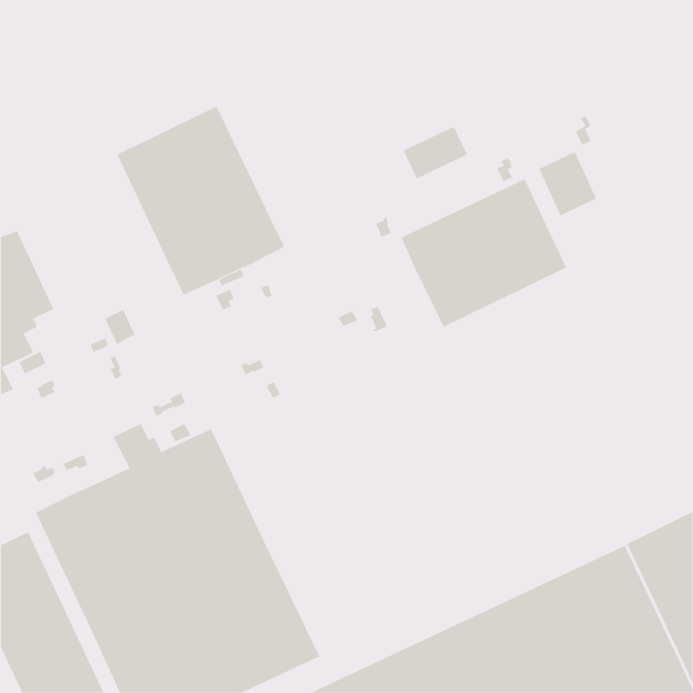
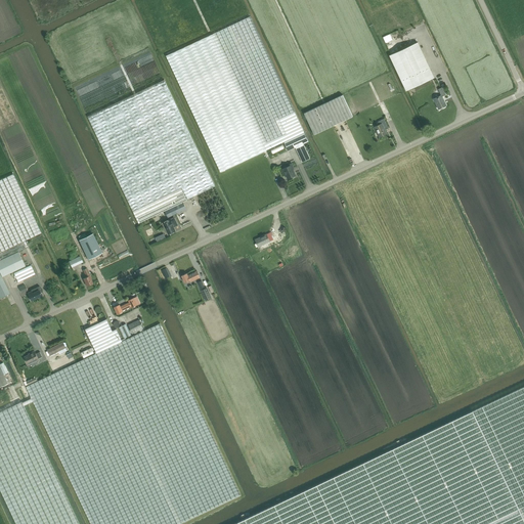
building: none -> [166,16,310,172]
building: [538,151,597,216] -> [390,42,434,91]
building: [401,178,567,328] -> none

